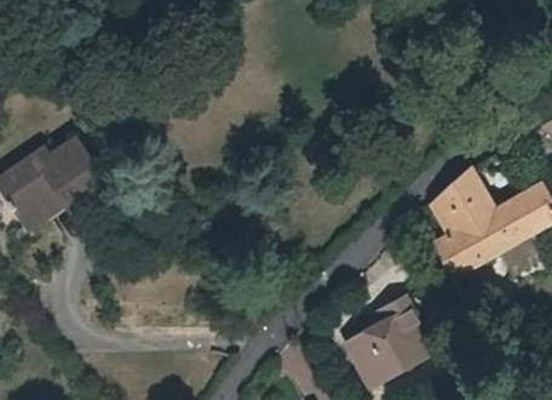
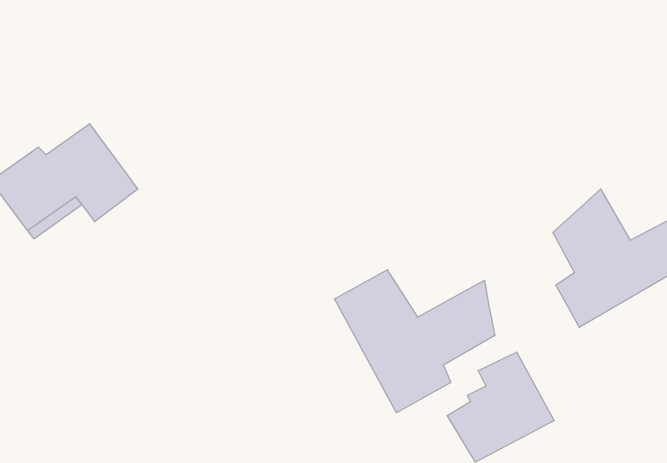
building: none -> [334,270,495,413]

